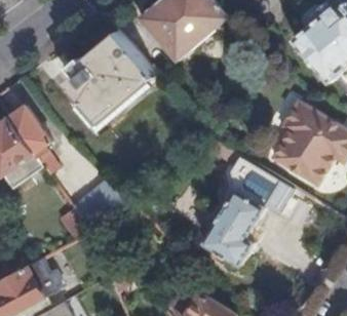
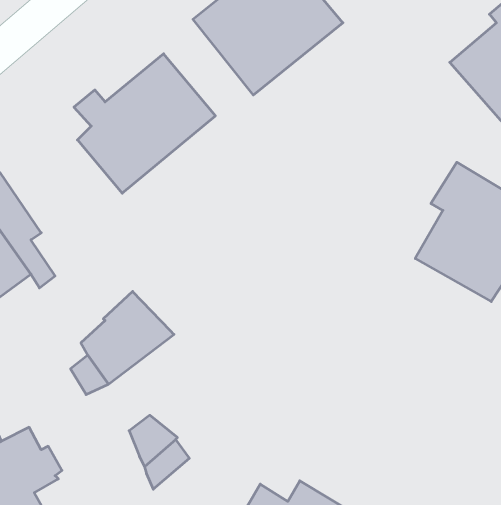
building: [201,154,277,266] -> none

